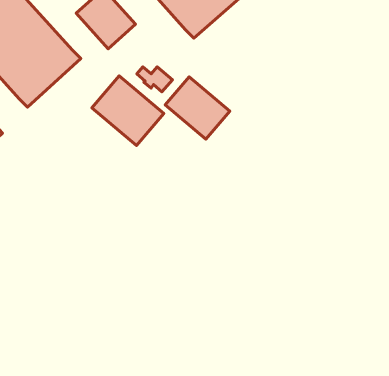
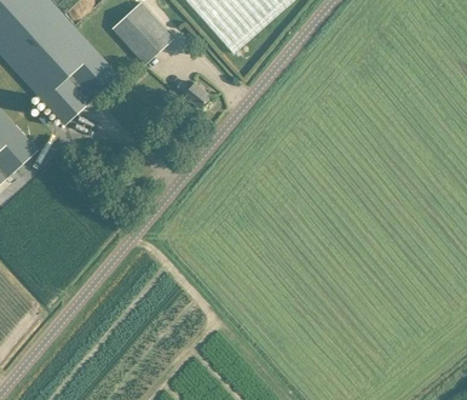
building: [92,76,164,145] -> none
building: [165,77,230,139] -> none

